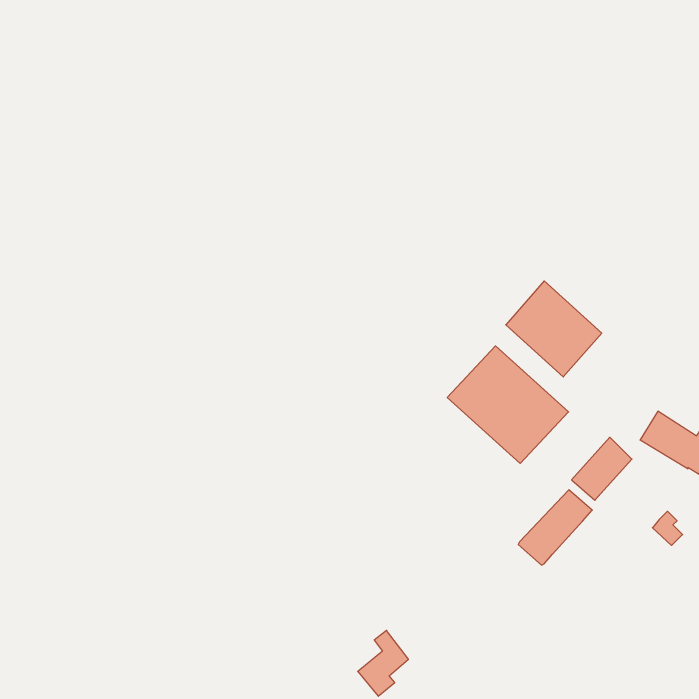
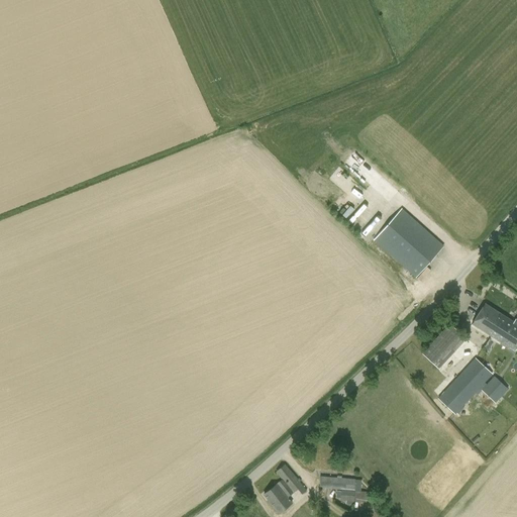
building: [447,346,569,463] -> none
building: [518,490,592,565] -> [438,357,493,413]
building: none -> [320,476,367,503]

